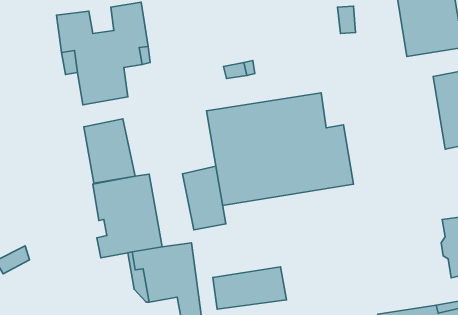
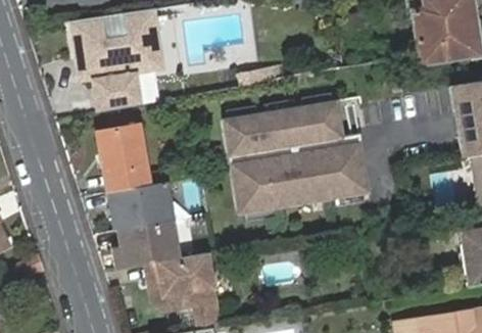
building: [183,166,226,230] -> none
building: [213,267,287,309] -> none

